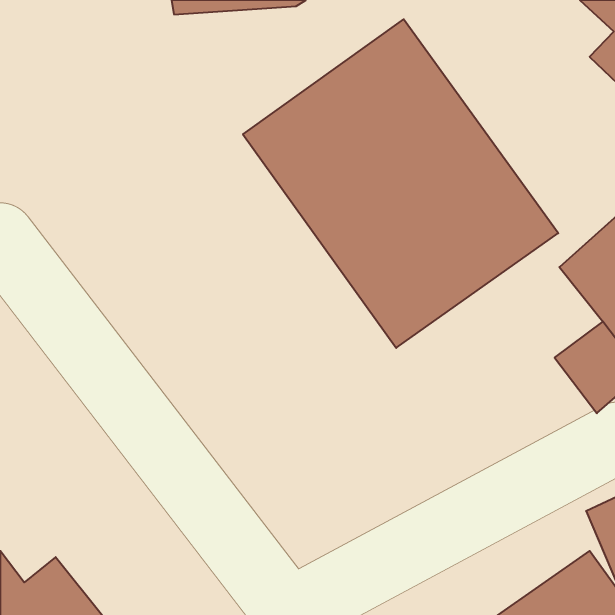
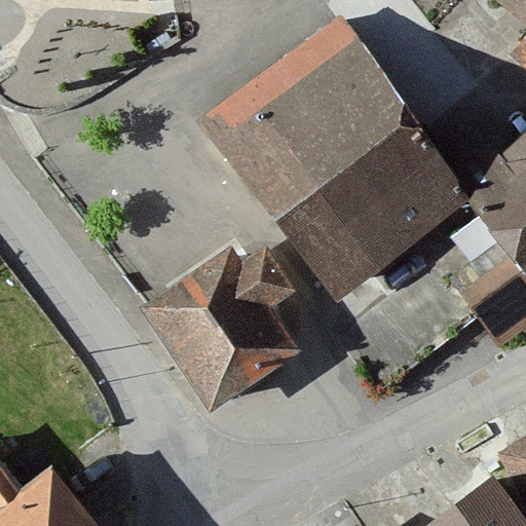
building: none -> [138,243,292,407]

